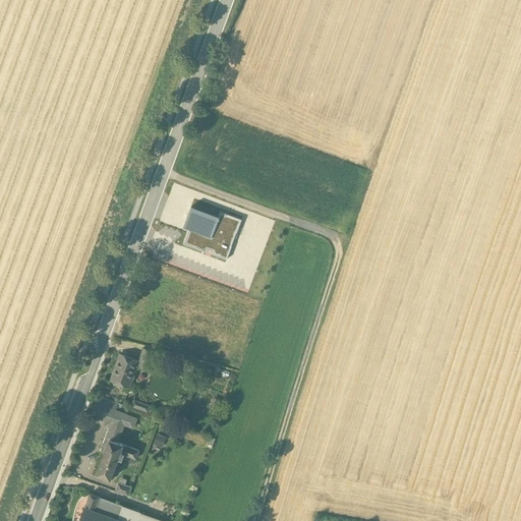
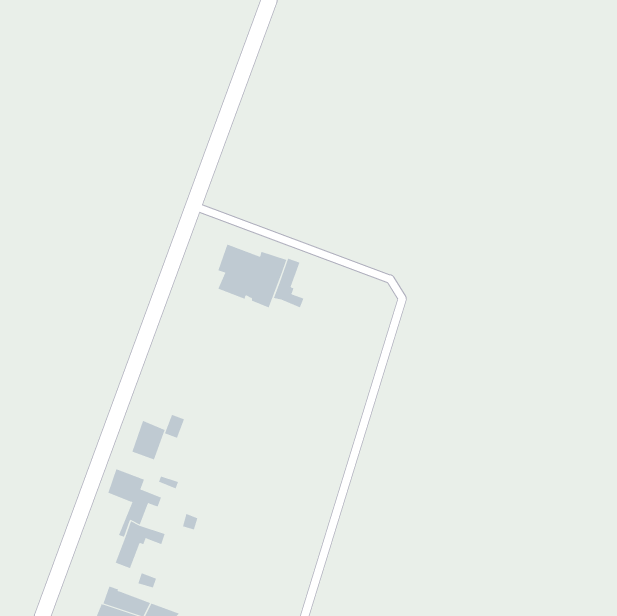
building: none -> [273,258,304,308]

